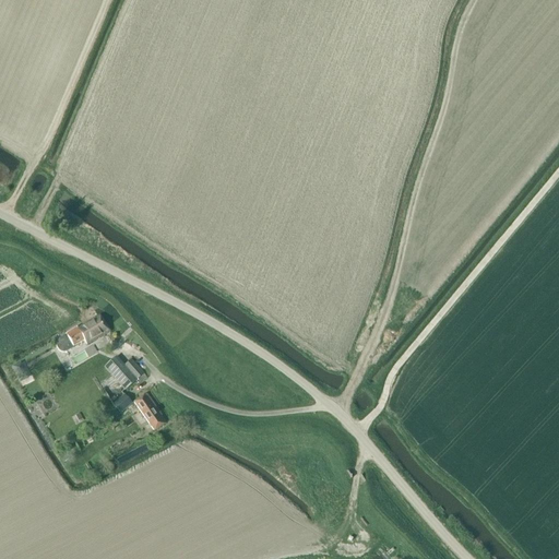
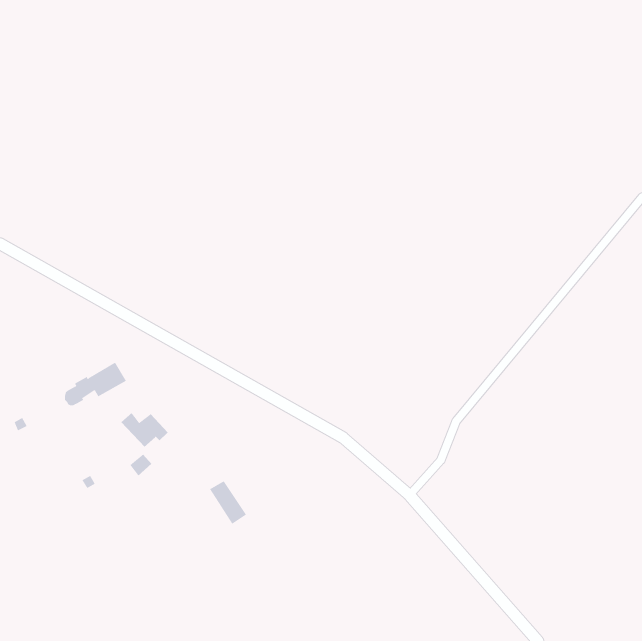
building: [133,393,166,431] -> [209,480,247,524]

